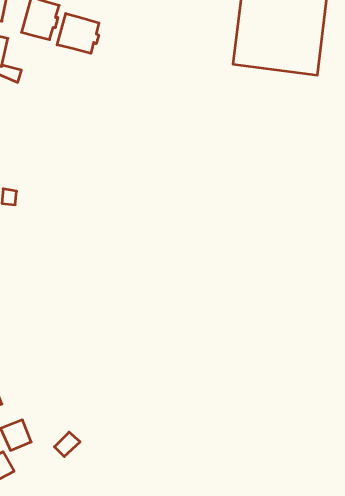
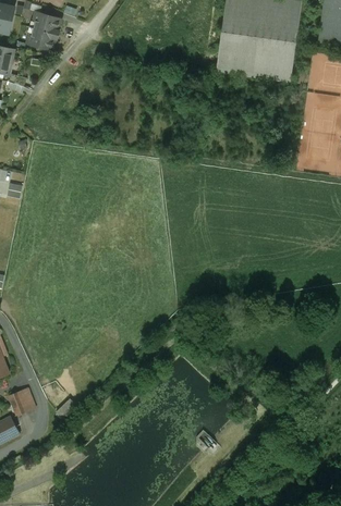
building: [57,13,99,53] -> none

